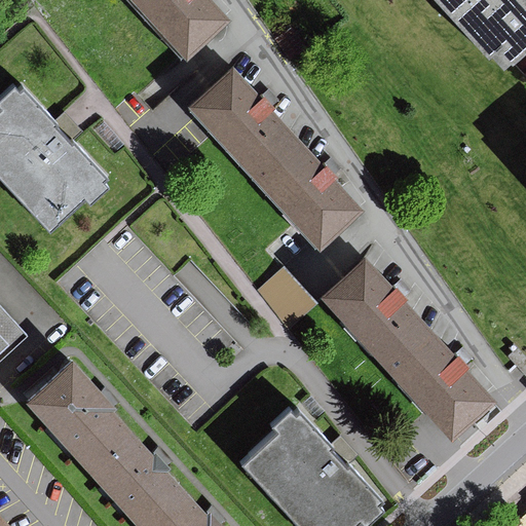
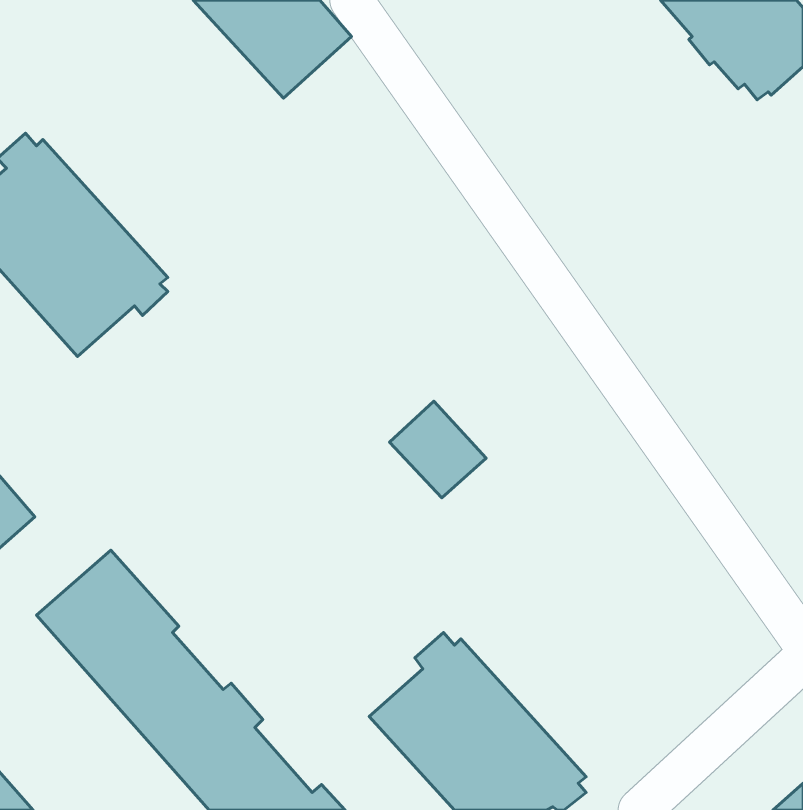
building: [186,68,363,253] -> none
building: [320,259,493,445] -> none

